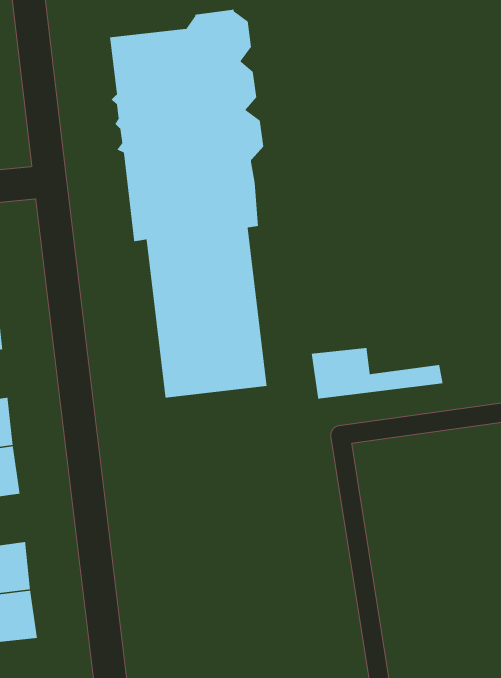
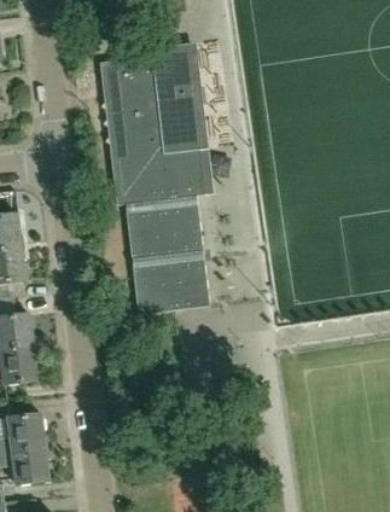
building: [311,347,443,399] -> none

